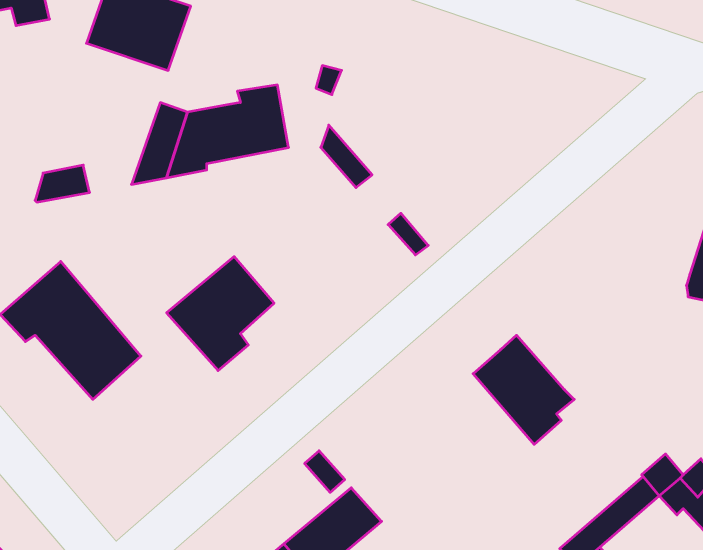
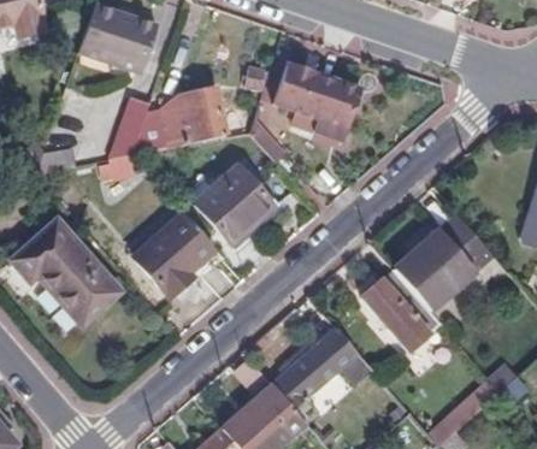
building: none -> [275,67,364,152]
building: none -> [195,164,275,244]
building: none -> [395,215,495,313]
building: none -> [271,331,373,412]

